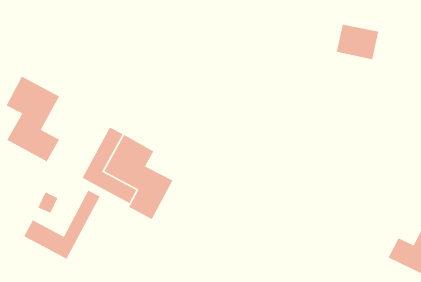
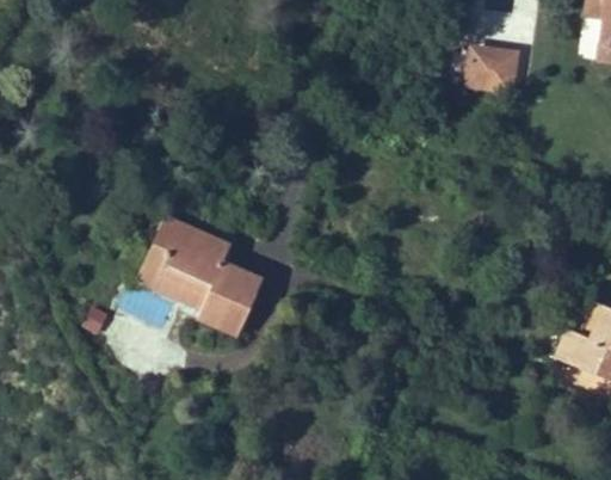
building: [5,75,60,163] -> none
building: [23,189,101,260] -> none

